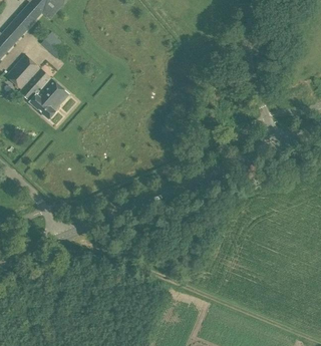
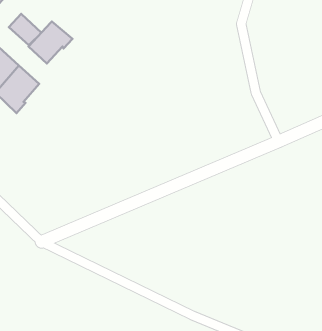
building: none -> [29,21,72,63]

